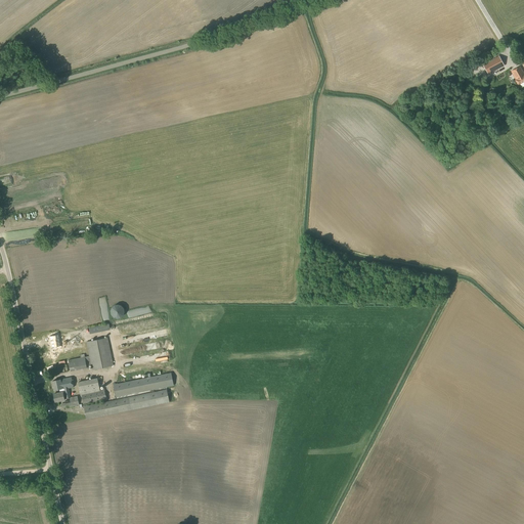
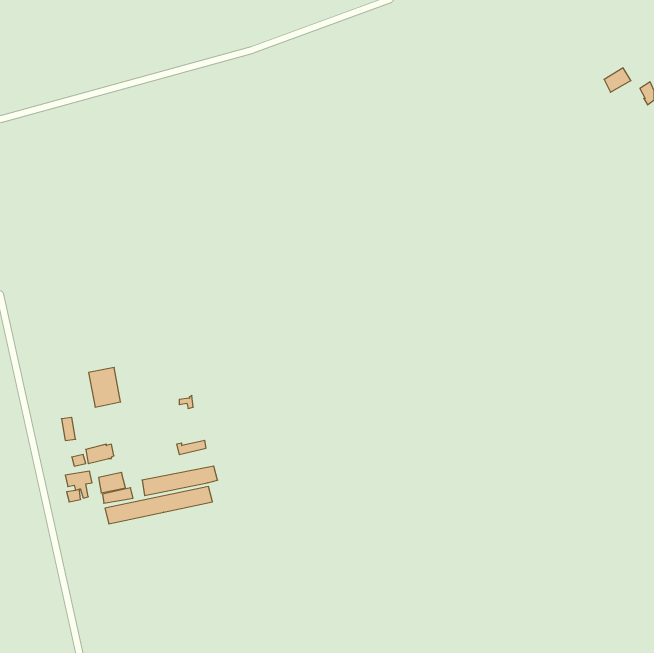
building: [87,337,113,368] -> [89,367,121,407]

